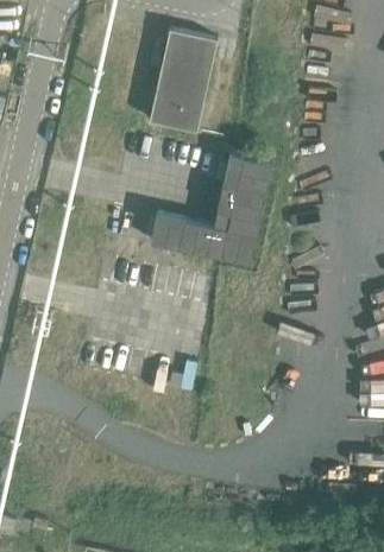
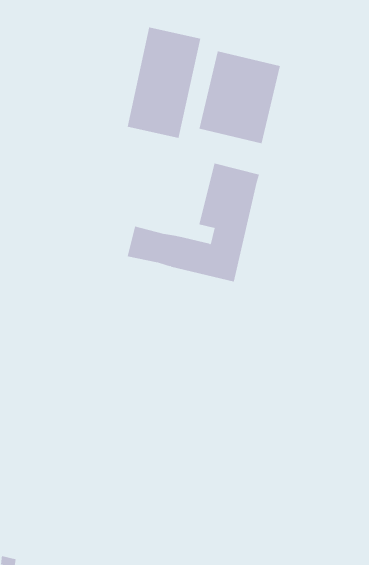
building: none -> [199,51,280,144]

